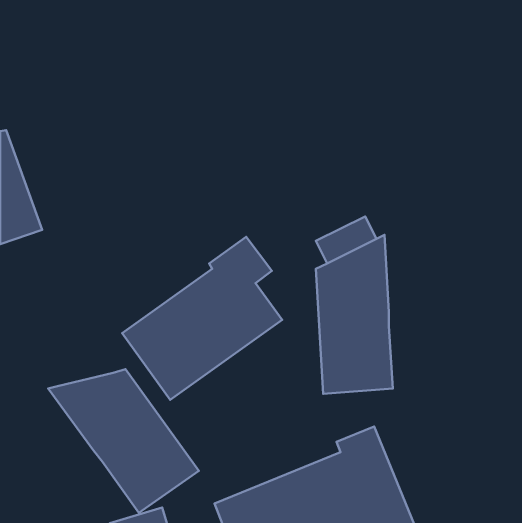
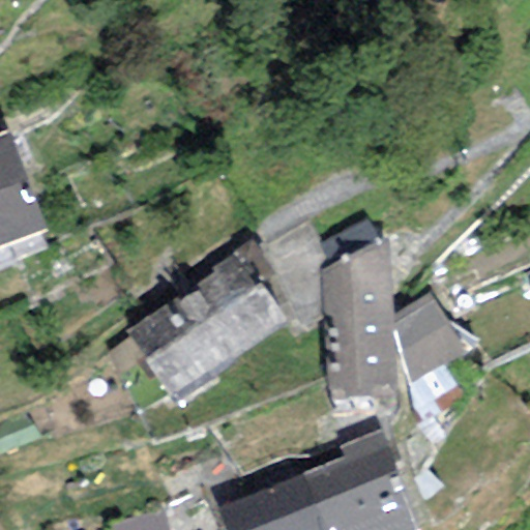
building: none -> [394,294,467,384]
building: [48,369,199,513] -> none

